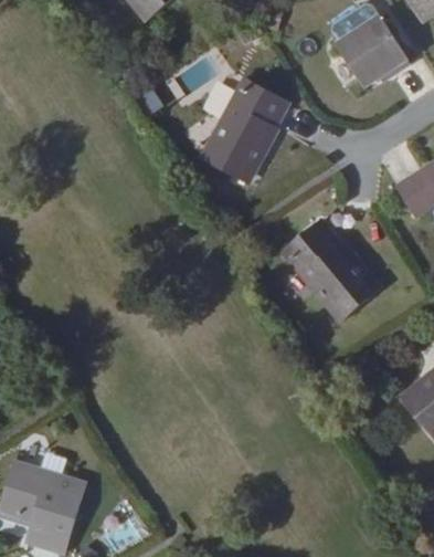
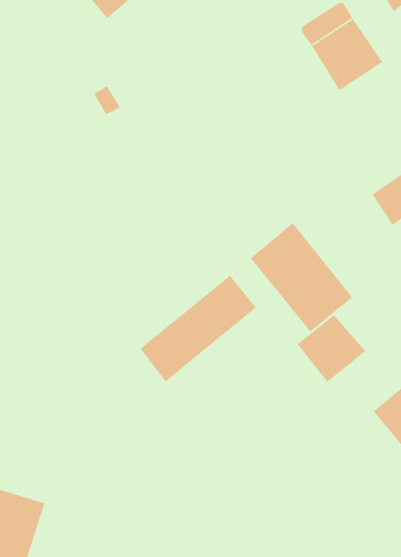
building: [201,75,293,181] -> none
building: none -> [139,275,257,382]
building: none -> [297,314,366,383]

